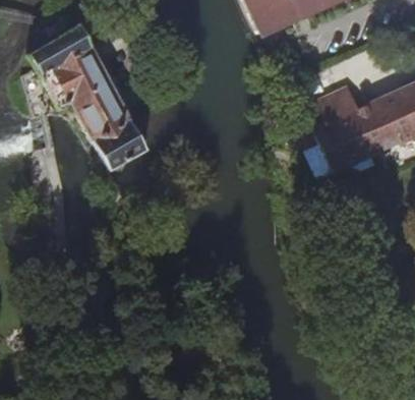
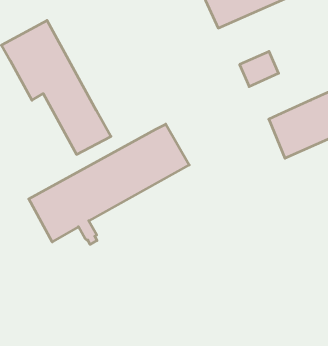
building: [319,87,361,124] -> [240,51,279,87]
building: none -> [29,124,189,244]

